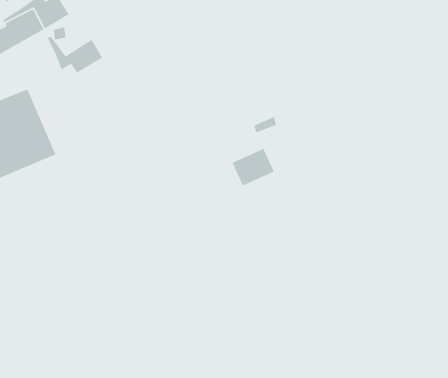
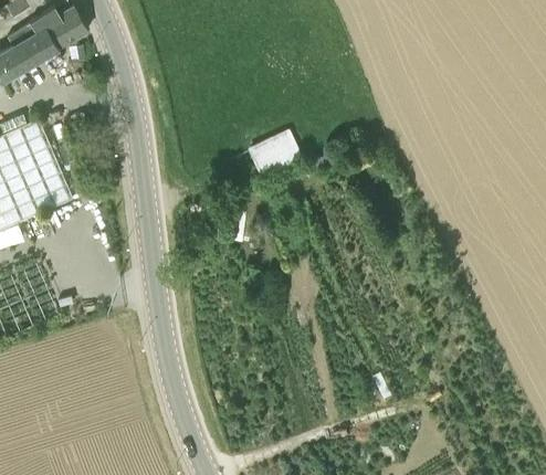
building: [46,36,103,73] -> none
building: [231,148,275,187] -> [250,134,302,180]

